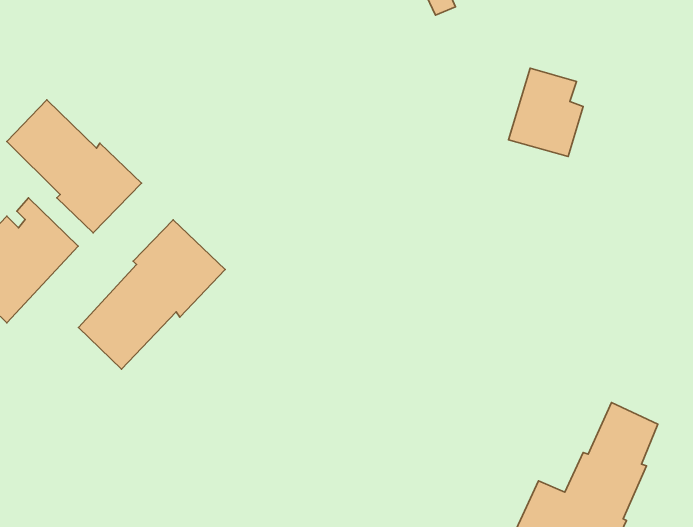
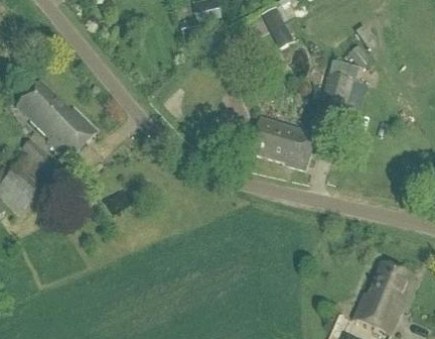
building: none -> [250,116,316,171]
building: [78,220,225,369] -> none

